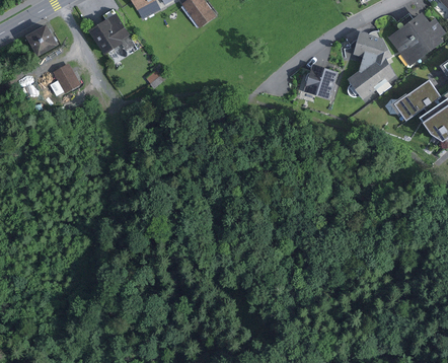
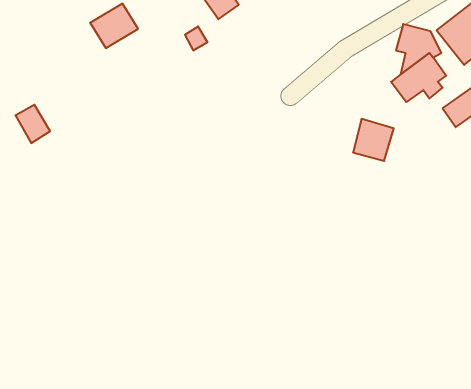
building: [29,24,60,56] -> none
building: [54,62,83,94] -> [15,105,50,143]
building: [302,64,337,99] -> [353,119,394,161]

